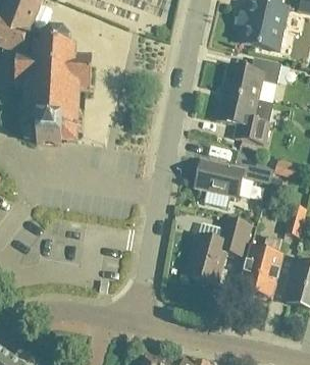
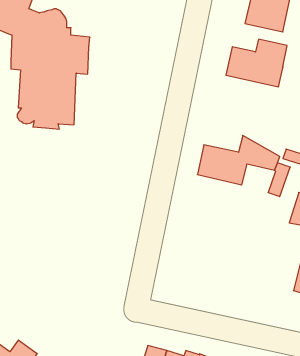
building: [216,92,273,143] -> none
building: [186,217,252,283] -> none
building: [240,237,282,297] -> none

